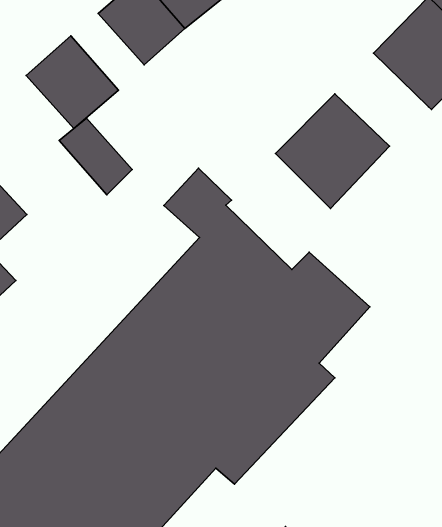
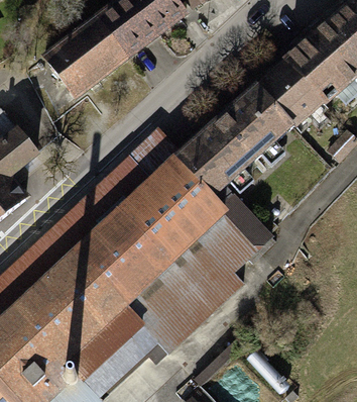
building: none -> [257,61,322,126]
building: [59,118,132,195] -> [77,18,126,73]
building: none -> [175,125,248,207]

